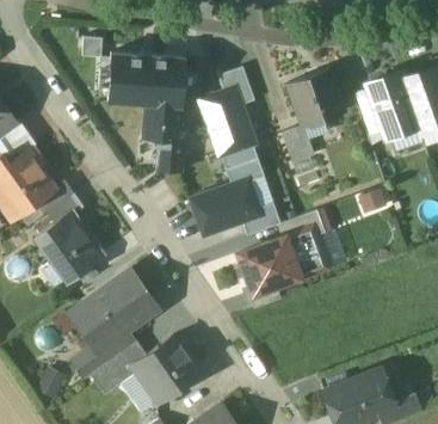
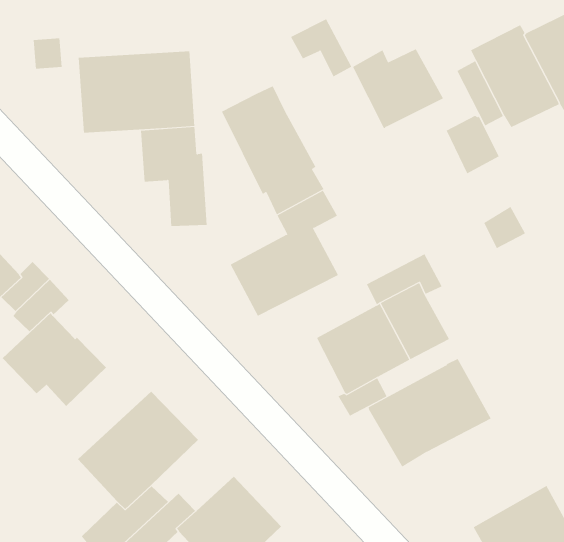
building: [217,68,254,106] -> [290,19,352,77]
building: [282,125,314,162] -> [446,115,500,174]
building: none -> [368,358,491,468]

